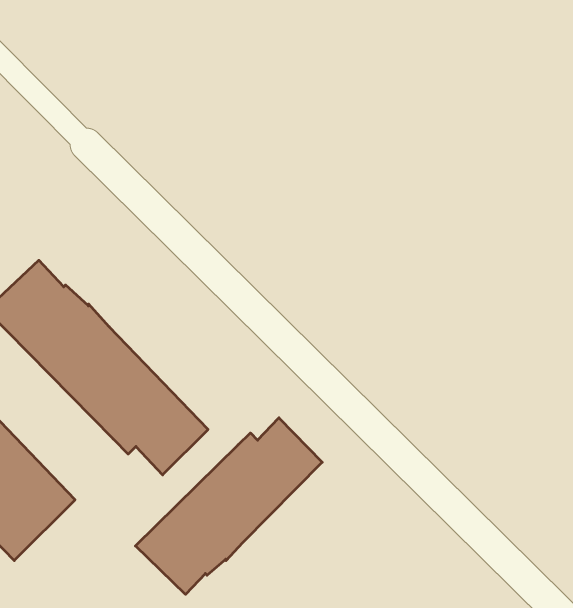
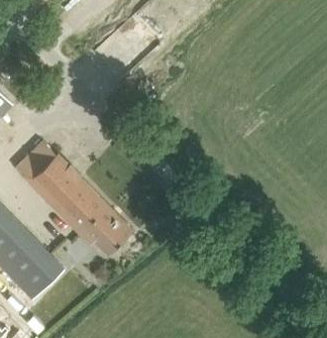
building: [135,418,322,594] -> none

